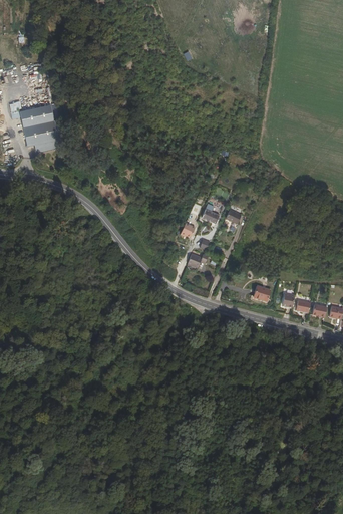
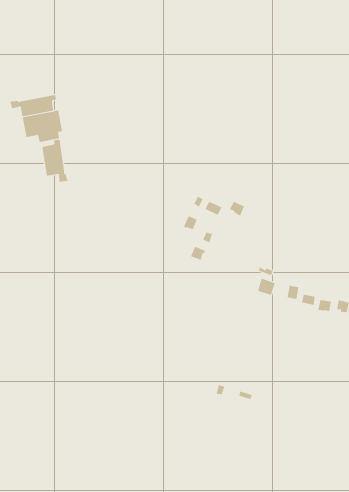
building: none -> [42,139,68,182]

